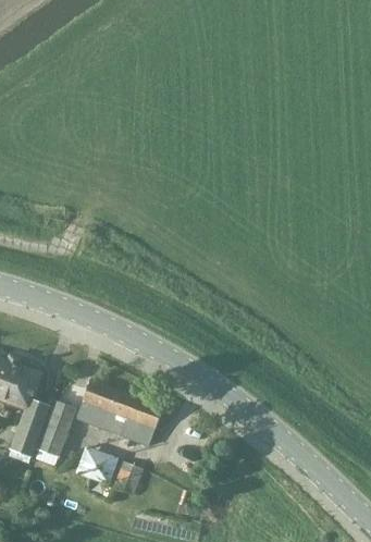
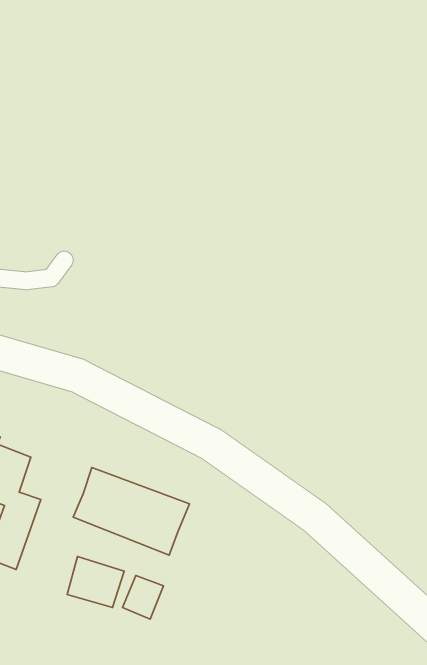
building: [38,399,77,456] -> none

